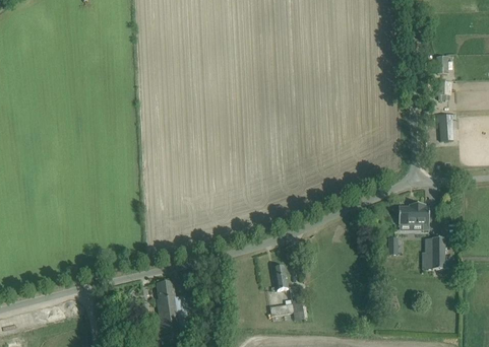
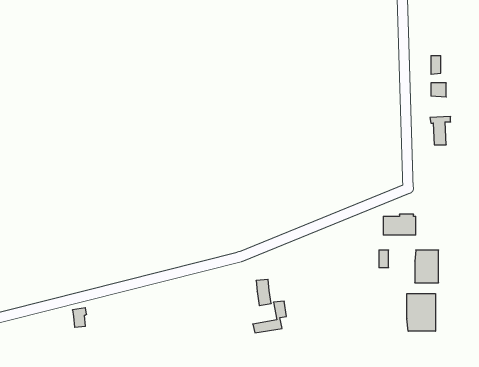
building: none -> [407,294,435,331]
building: [155,280,190,337] -> none

